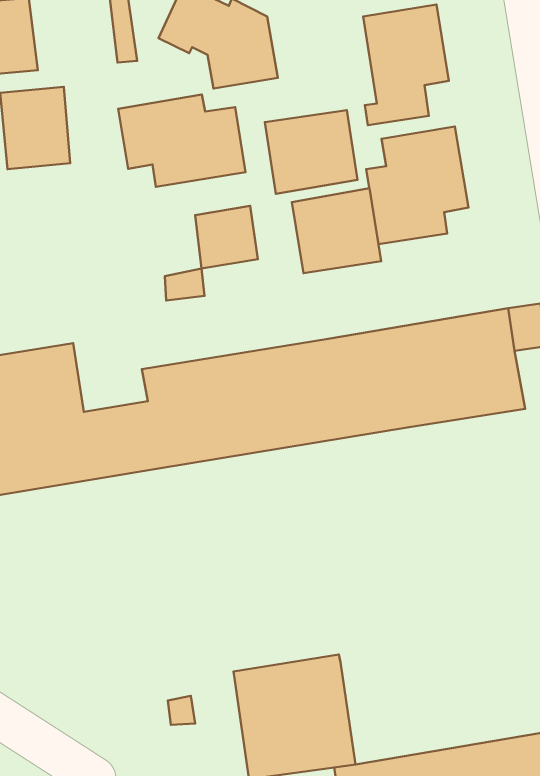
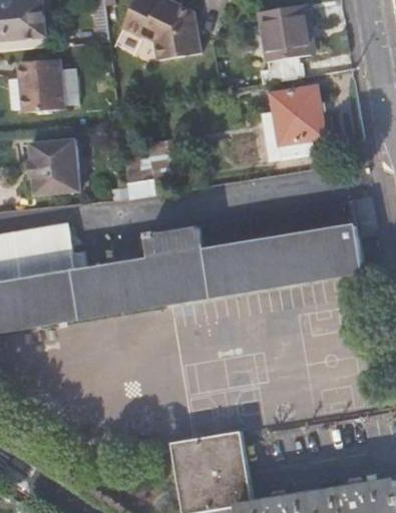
building: [118,95,245,187] -> none
building: [265,110,357,194] -> none
building: [292,188,381,273] -> none
building: none -> [30,139,79,196]

